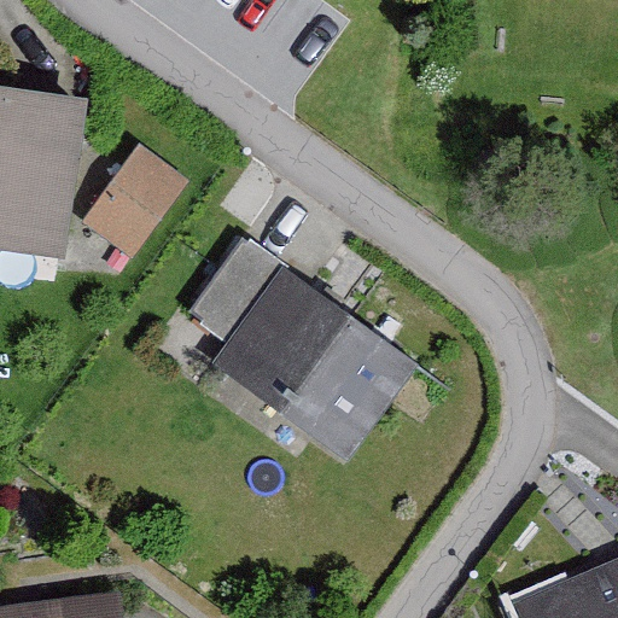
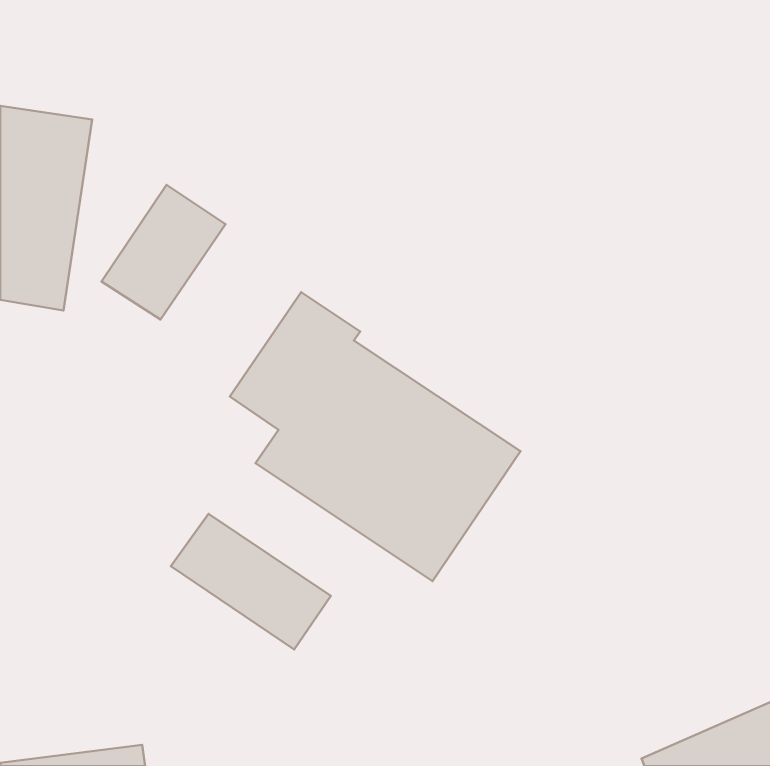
building: none -> [171,514,331,649]

